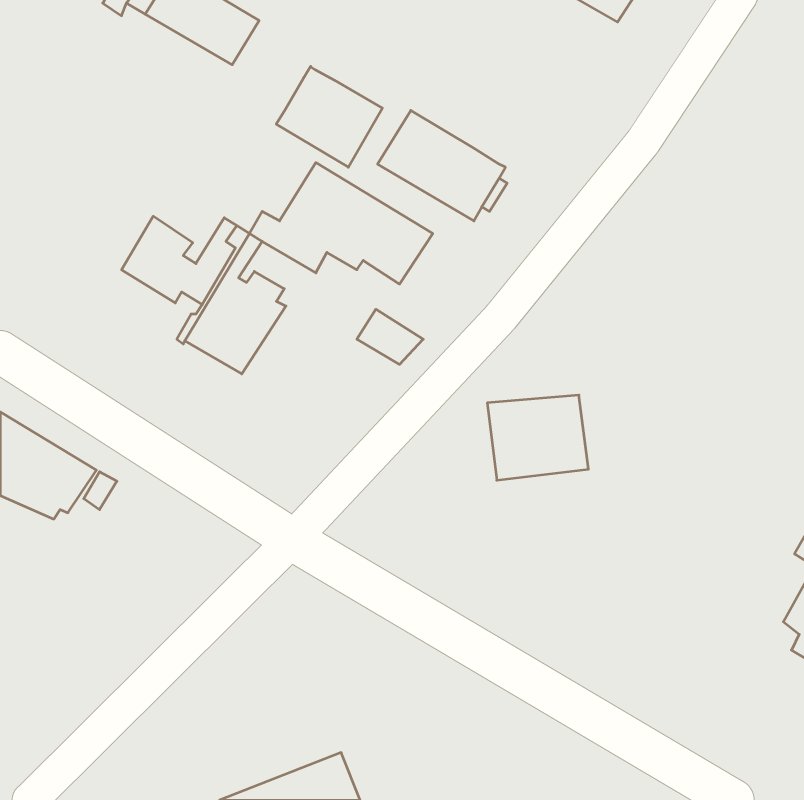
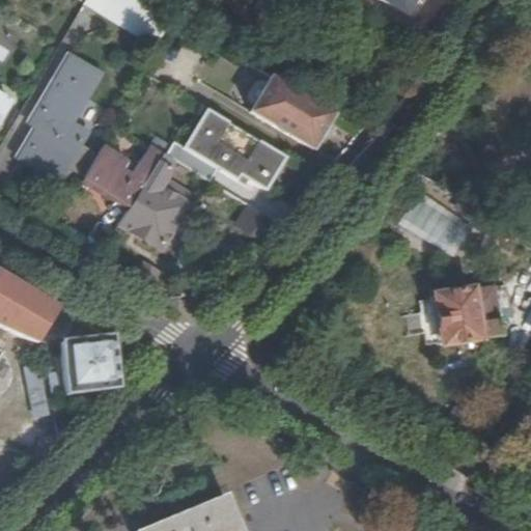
building: [276,66,382,167] -> none
building: none -> [19,55,100,178]
building: [487,395,588,480] -> [436,286,502,342]
building: none -> [59,336,117,394]

